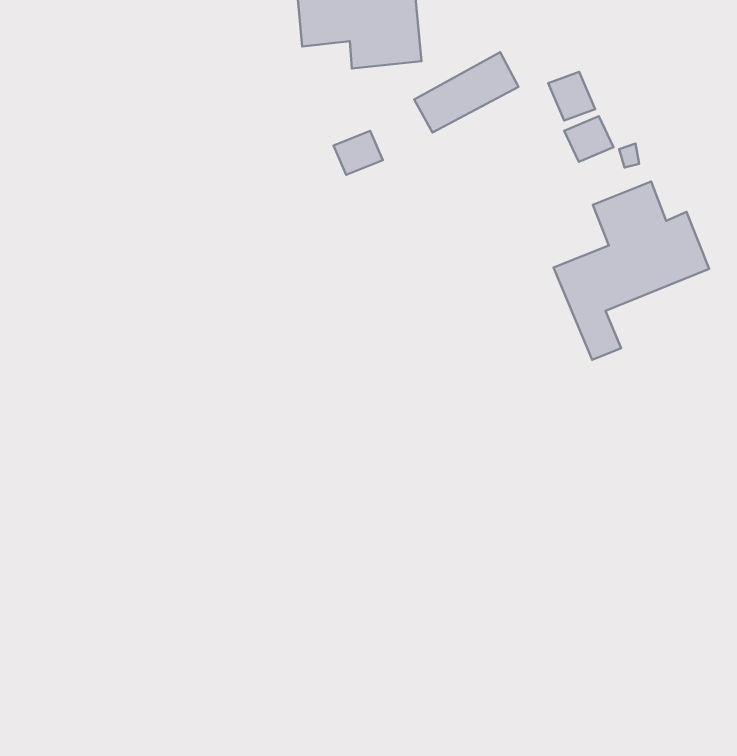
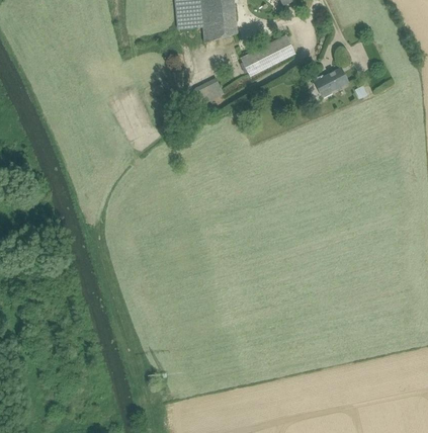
building: [548,72,595,121] -> none
building: [553,182,709,360] -> none

